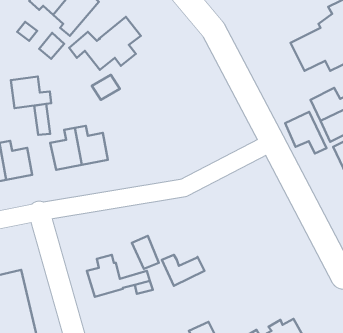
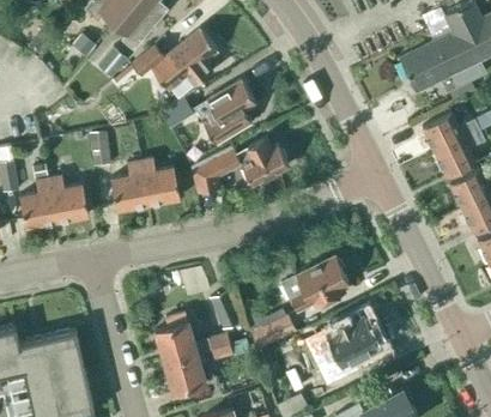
building: none -> [194,79,256,145]
building: [11,76,51,108] -> none
building: none -> [192,139,289,193]
building: [285,112,327,154] -> none
building: none -> [283,256,348,313]
building: none -> [307,316,383,367]
building: none -> [164,353,206,393]

